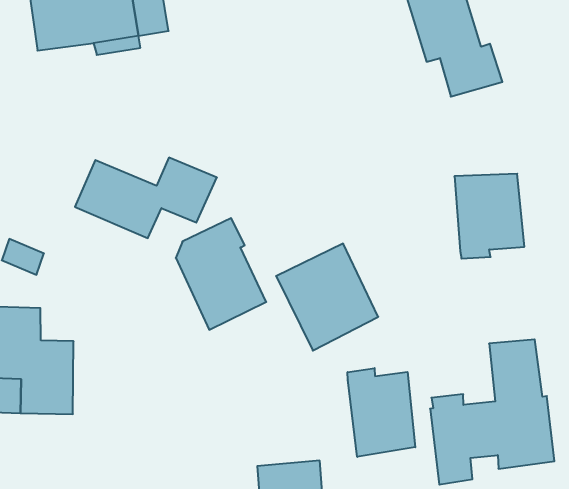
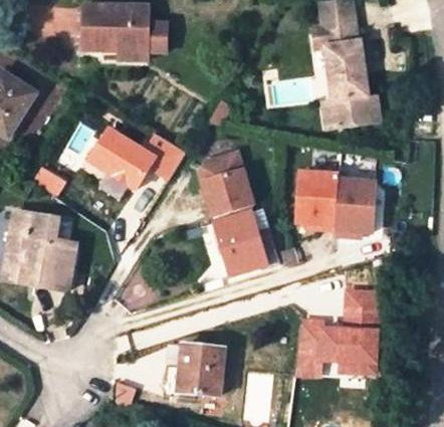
building: none -> [294,170,340,226]
building: [176,218,266,330] -> [201,150,255,220]
building: [348,368,415,457] -> none

